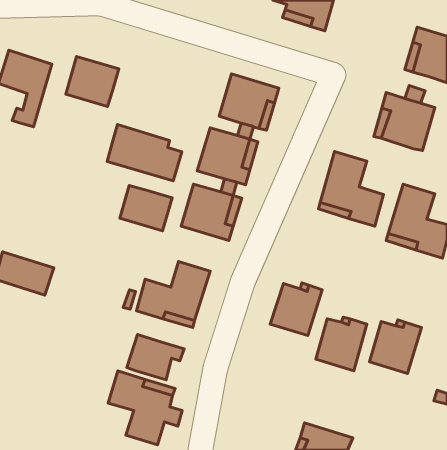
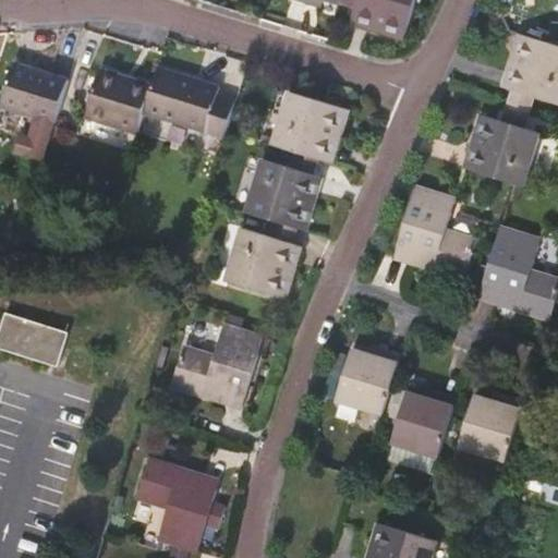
building: [107,125,182,181] -> [140,66,232,136]
building: [120,186,172,231] -> none
building: [127,335,184,380] -> none

